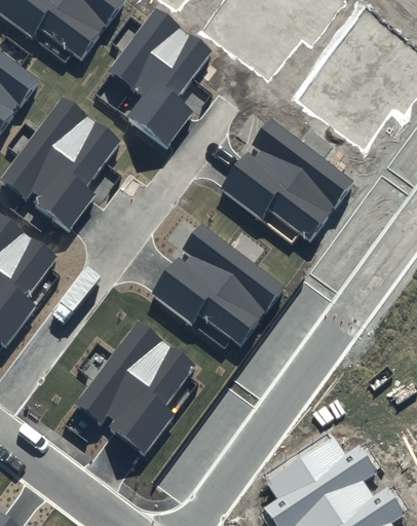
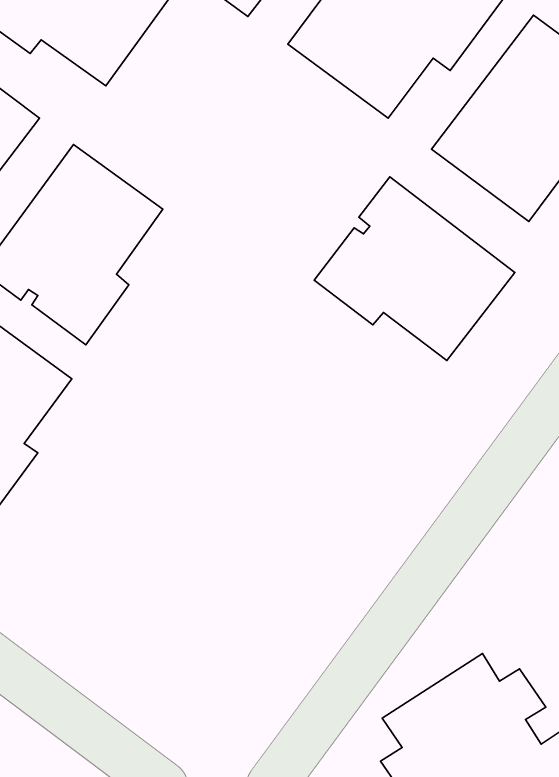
building: [110,12,211,147] -> none
building: [151,223,285,345] -> none
building: [76,320,198,453] -> none

